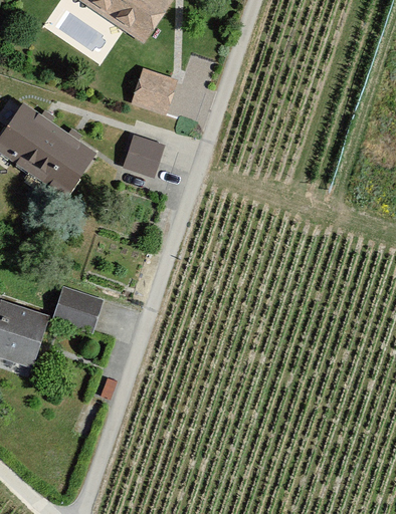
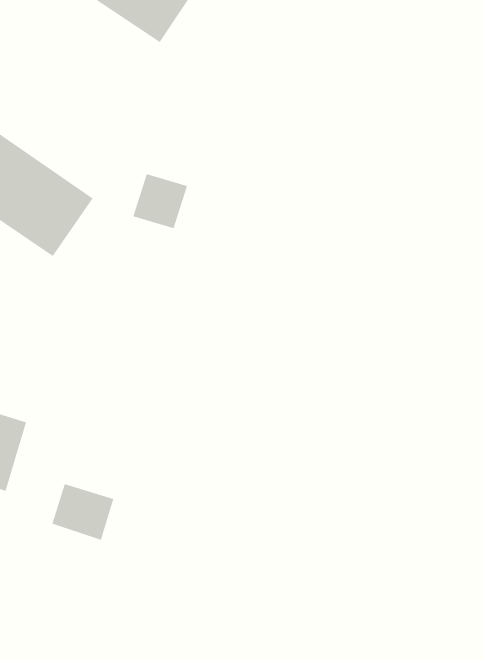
building: [133,67,175,111] -> none
building: [55,289,101,330] -> [52,483,114,540]

